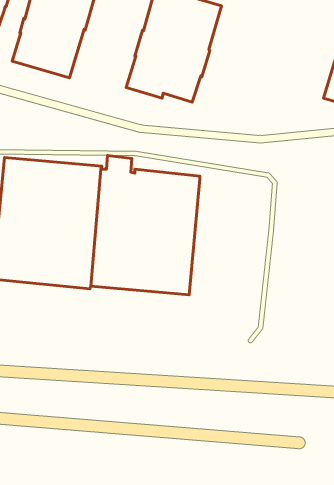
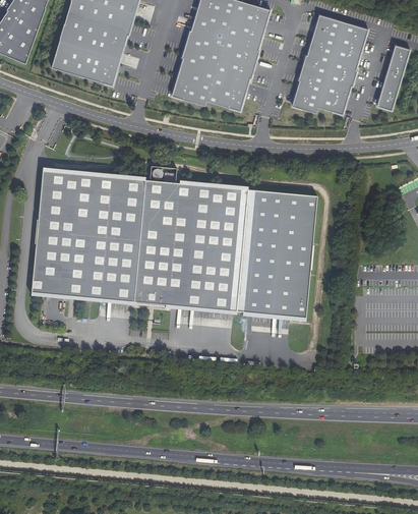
building: none -> [291,14,367,114]
building: none -> [236,190,316,321]

